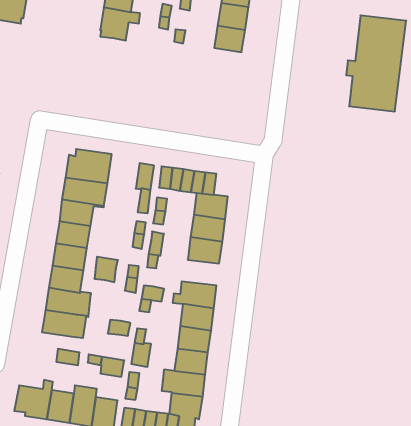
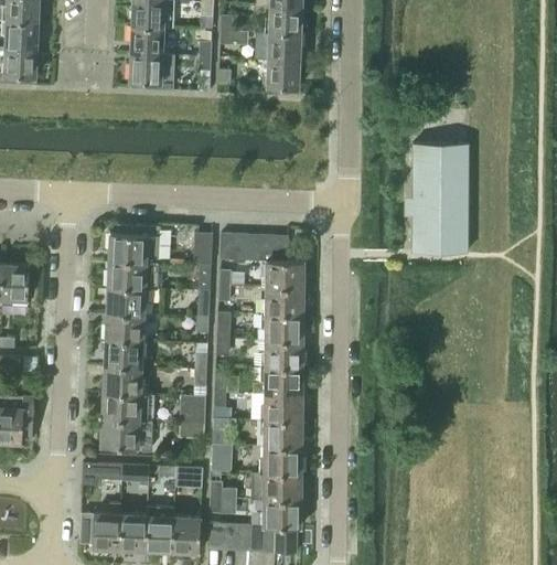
building: [346,15,406,111] -> [405,143,469,253]
building: [94,257,118,282] -> [181,396,206,424]
building: none -> [260,341,302,367]
building: none -> [83,463,122,486]

